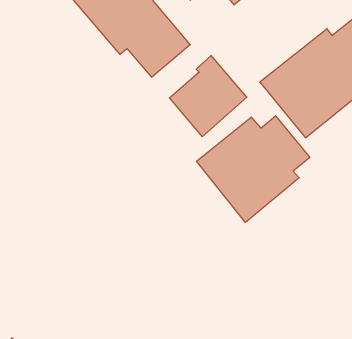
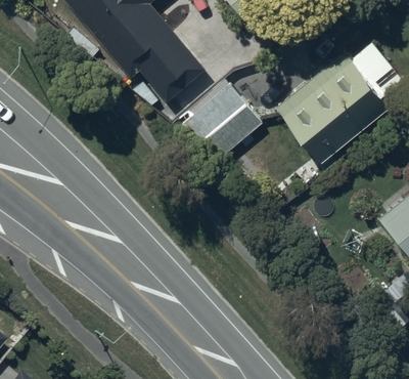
building: [197,116,310,222] -> none

